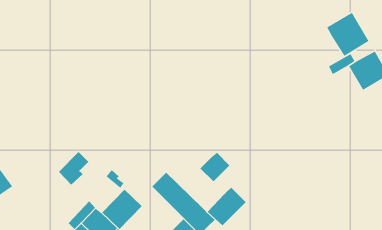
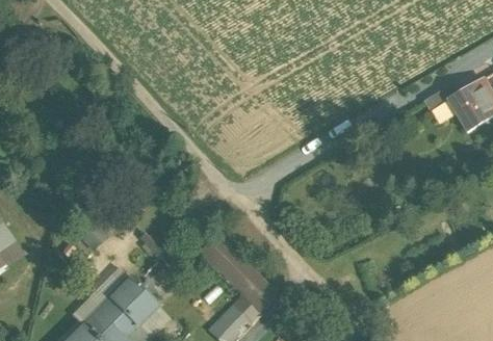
building: [326,12,369,57] -> none
building: [199,152,230,182] -> none
building: [207,187,246,226] -> none

